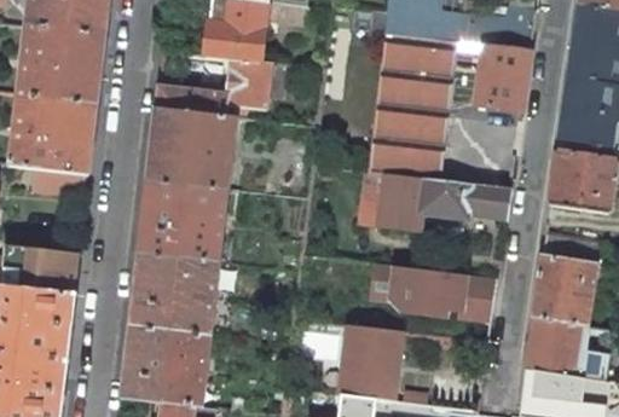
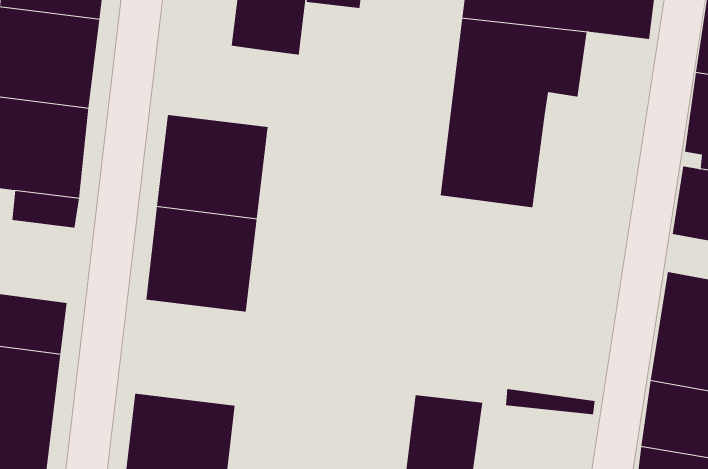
building: [474,45,531,111] -> none
building: [156,59,271,122] -> none
building: [364,172,510,230] -> none
building: [131,253,218,335] -> none
building: [369,265,494,323] -> none

